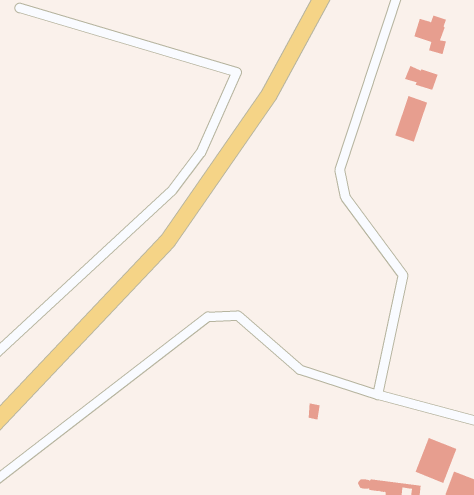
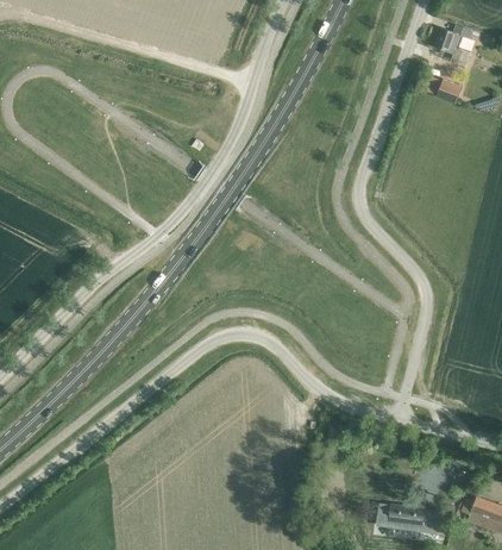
building: [395,95,428,143] -> none
building: [415,437,457,484] -> none

